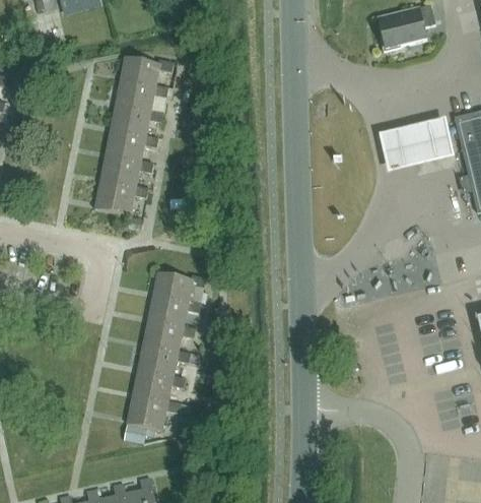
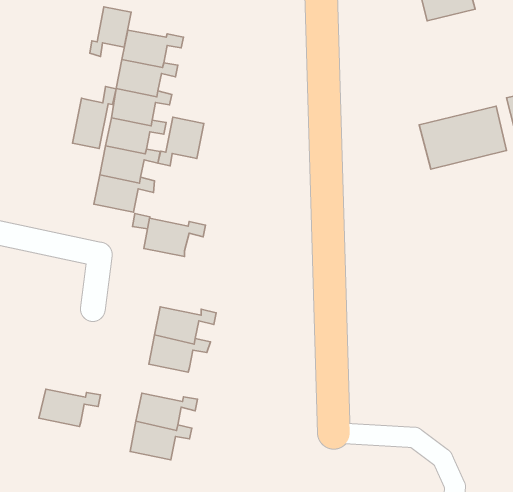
building: none -> [90,7,131,56]
building: none -> [72,87,116,149]
building: none -> [158,117,204,166]
building: [153,271,207,305] -> [144,218,206,257]
building: [137,348,191,380] -> [39,389,101,426]

